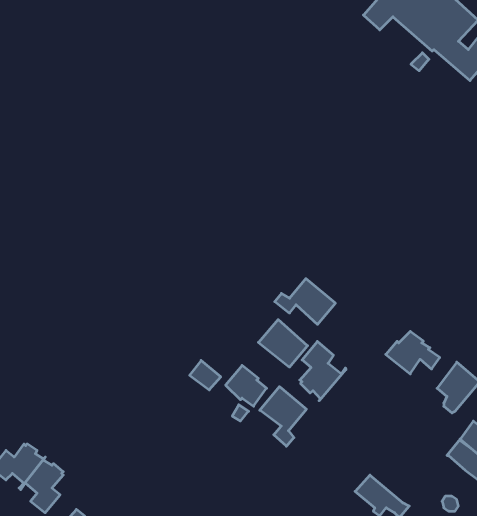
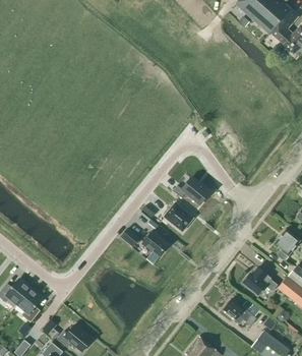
building: [386,331,440,374] -> [243,269,277,295]
building: [300,341,346,401] -> none
building: [260,387,306,446] -> none

